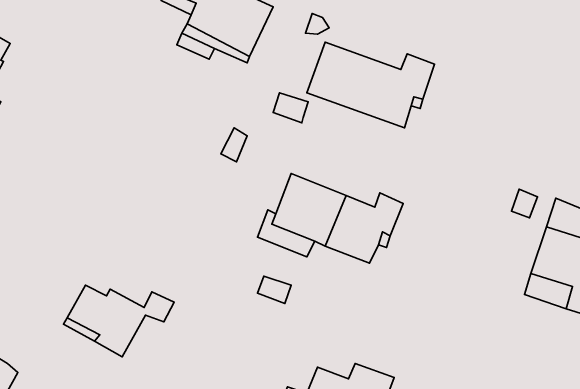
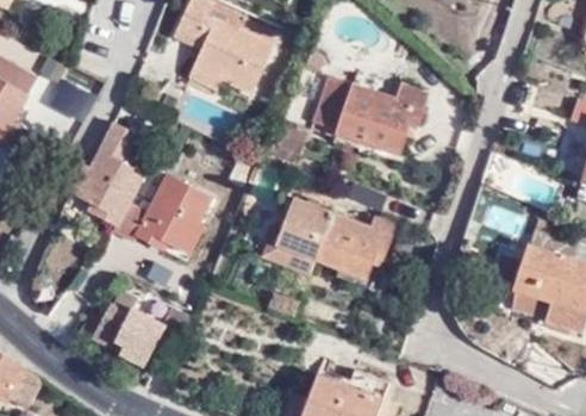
building: none -> [70,122,213,259]

